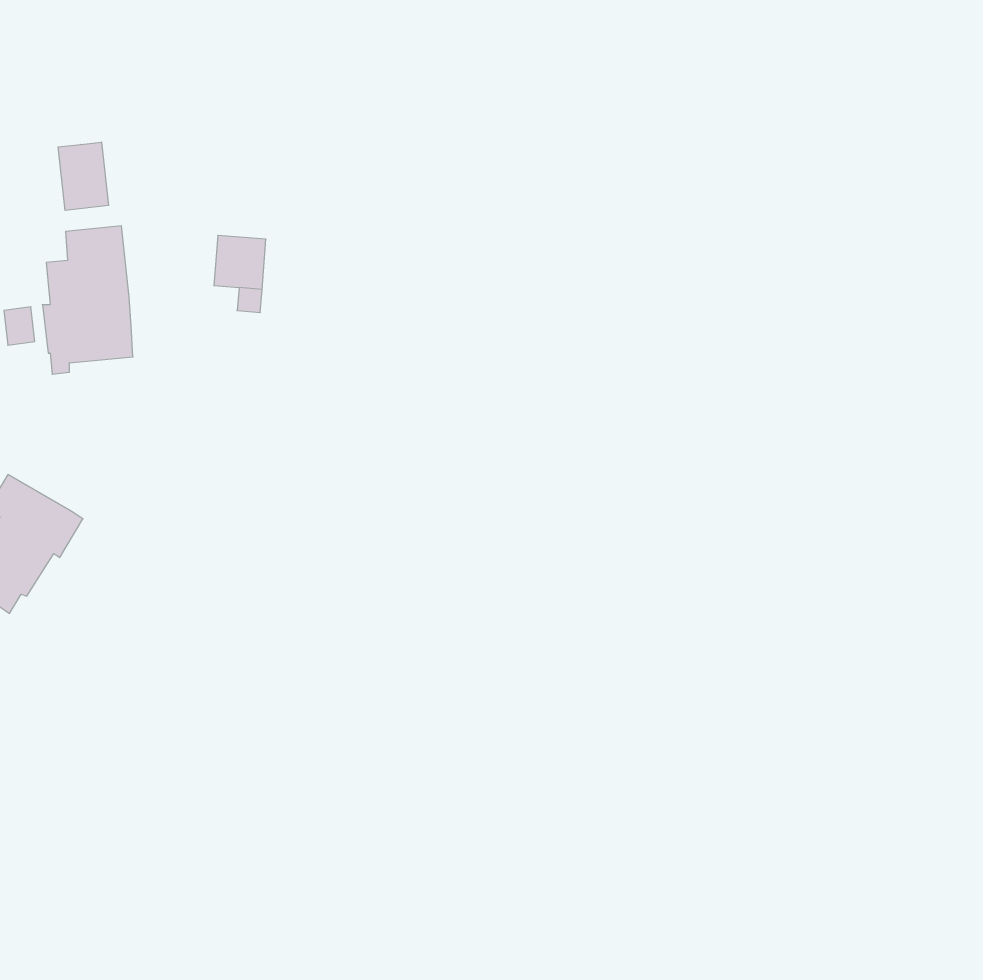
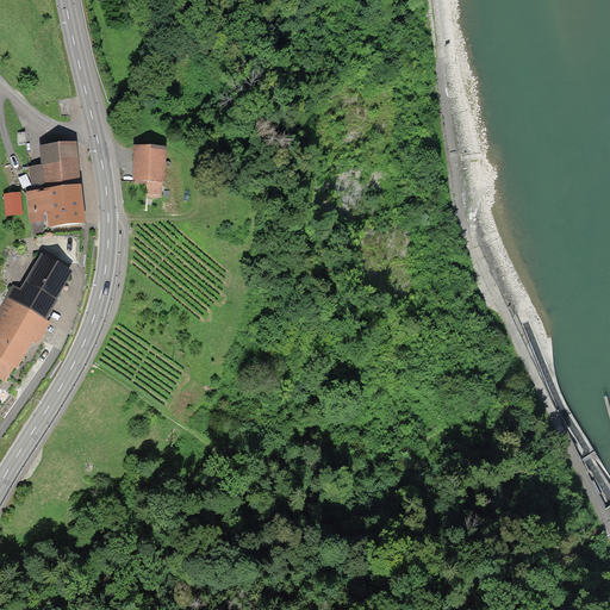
building: [58,142,108,210] -> none
building: none -> [5,253,70,316]

